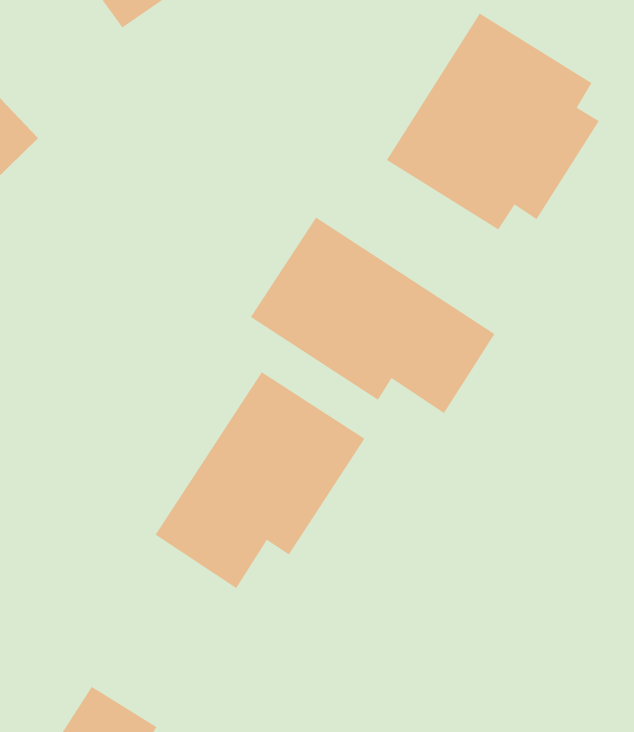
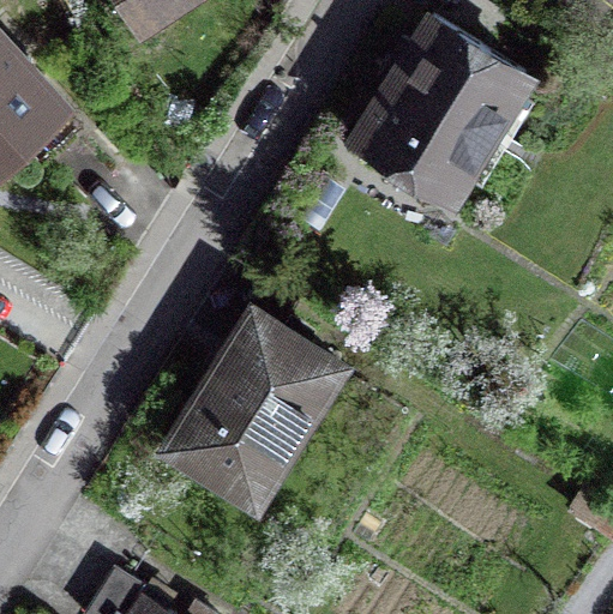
building: [250,217,496,414] -> none

